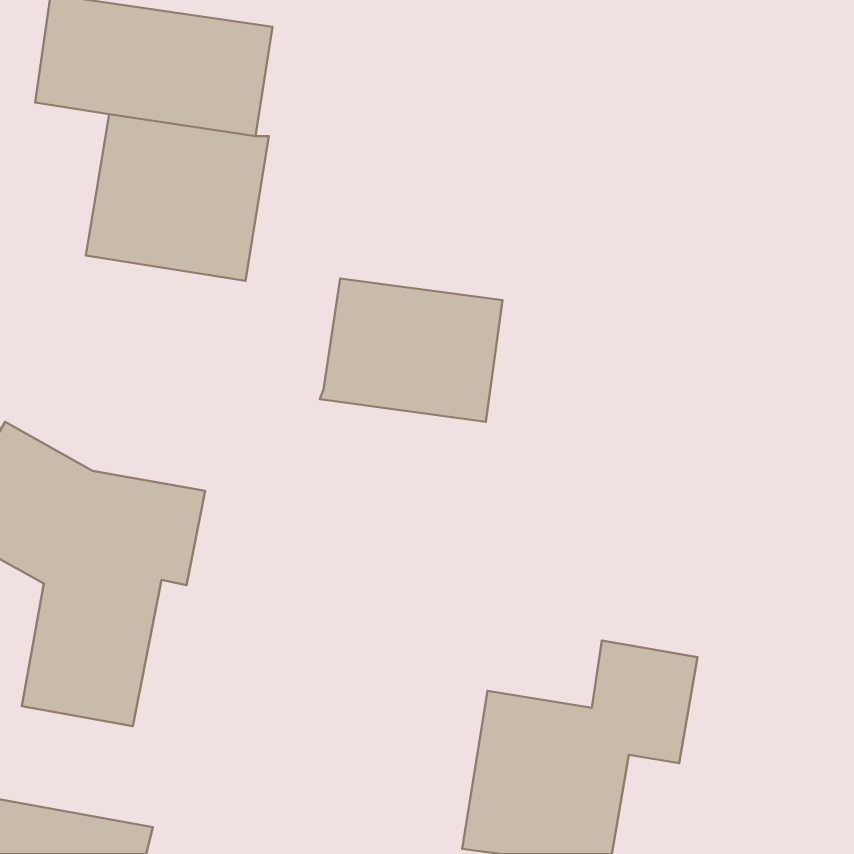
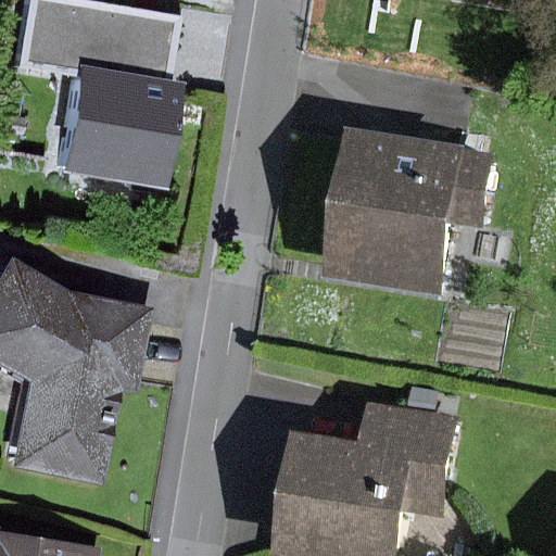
building: none -> [323,127,492,299]
building: [320,278,503,422] -> none

